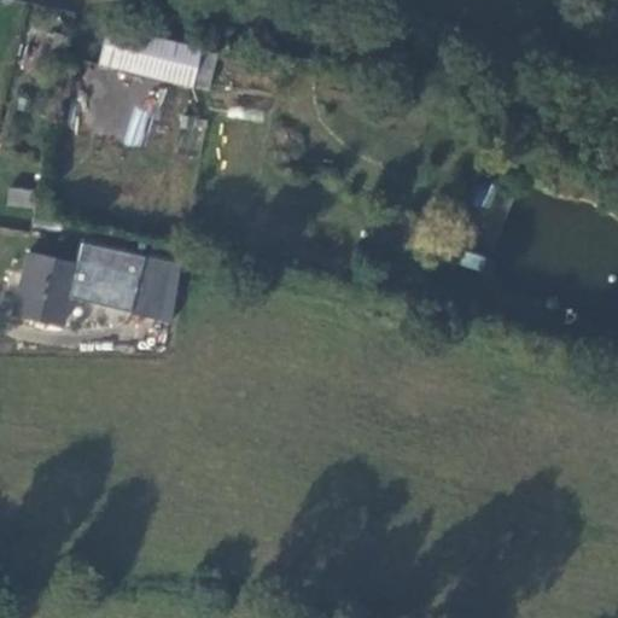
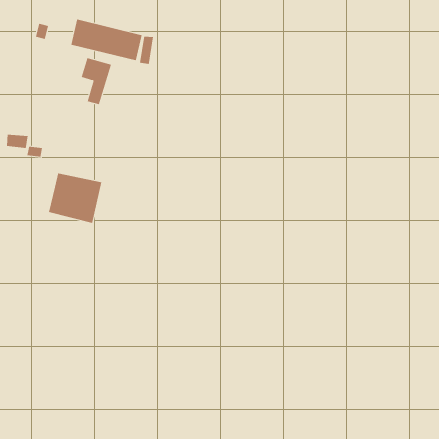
building: [13,252,76,328] -> none
building: [142,262,180,305] -> none

